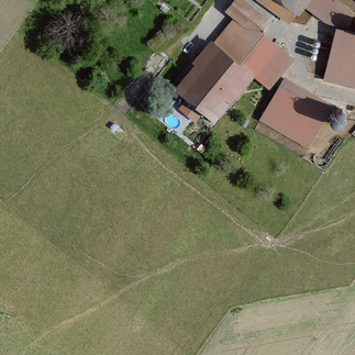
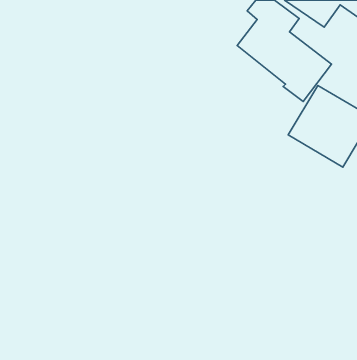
building: [173,41,254,121] -> none

